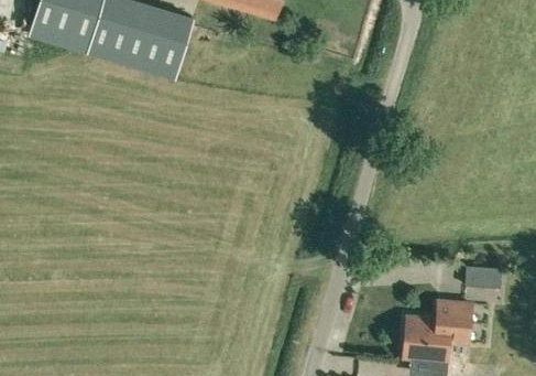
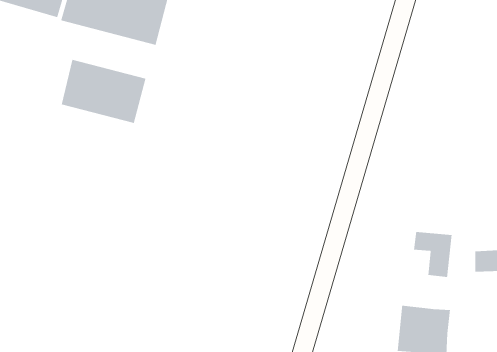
building: none -> [61,59,146,124]
building: [434,301,470,344] -> [413,231,453,278]

